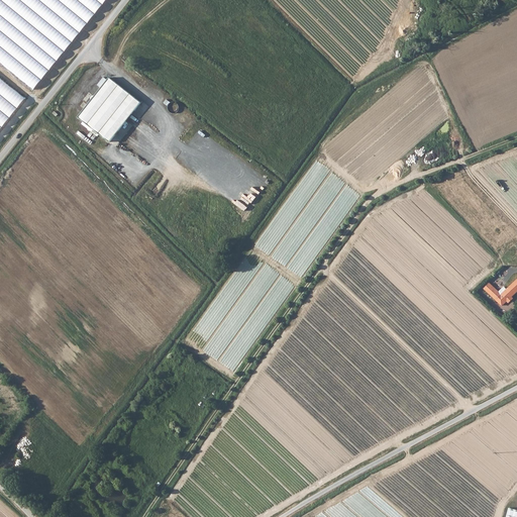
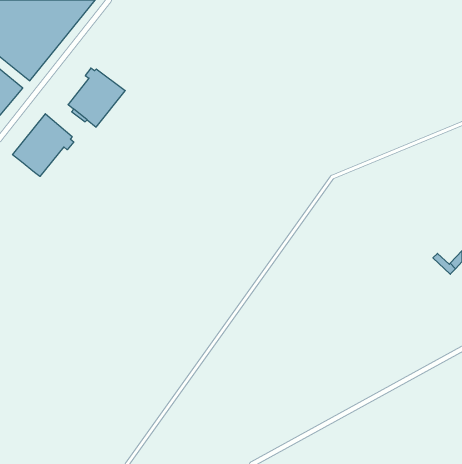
building: none -> [13,114,74,176]

